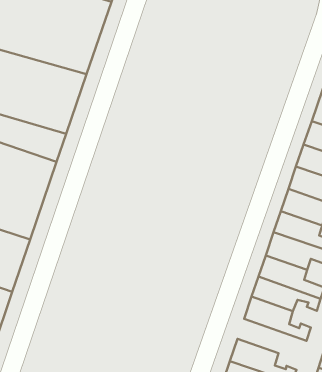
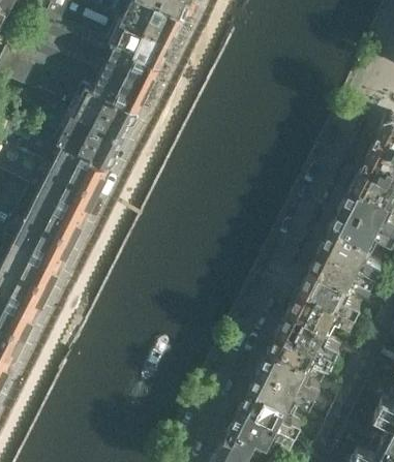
building: none -> [252,364,320,405]

